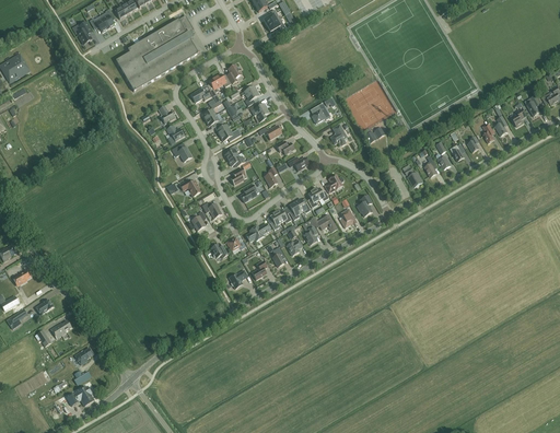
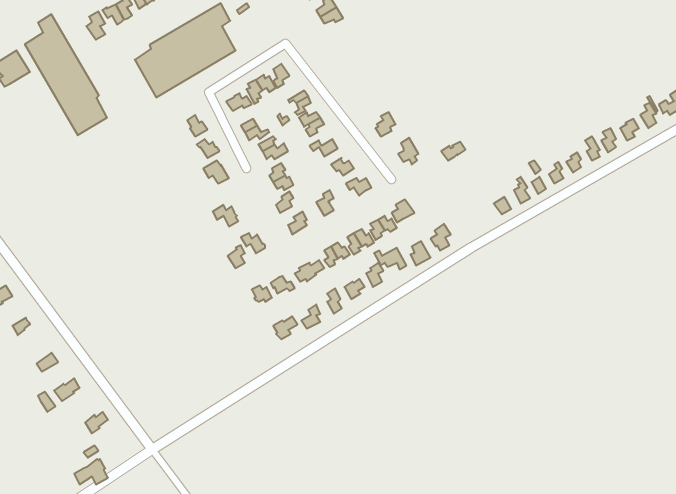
building: none -> [25,14,107,135]

